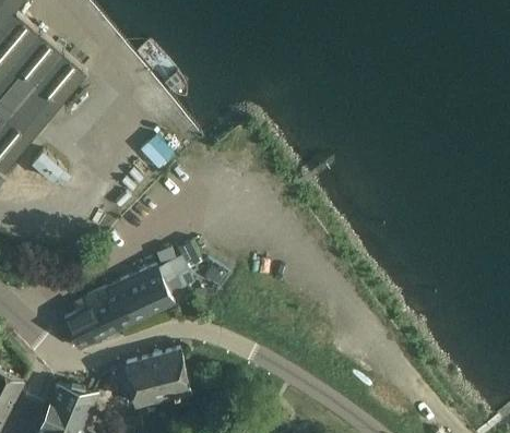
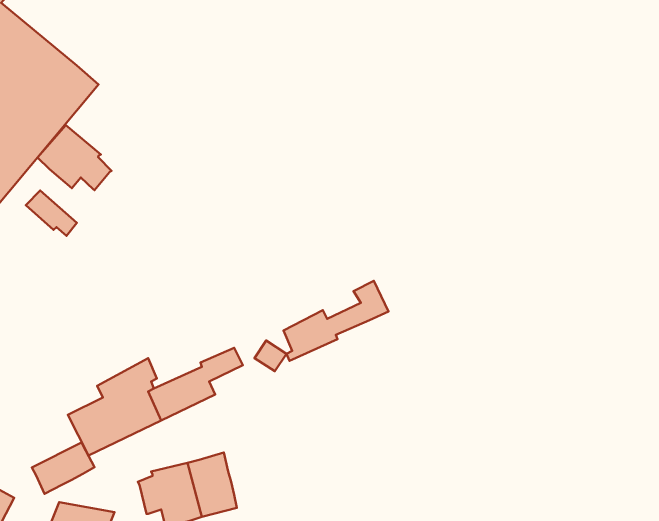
building: none -> [37,125,112,190]
building: [123,242,202,302] -> [284,281,388,361]
building: none -> [32,443,95,494]

